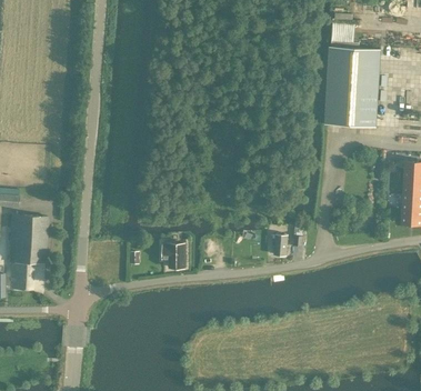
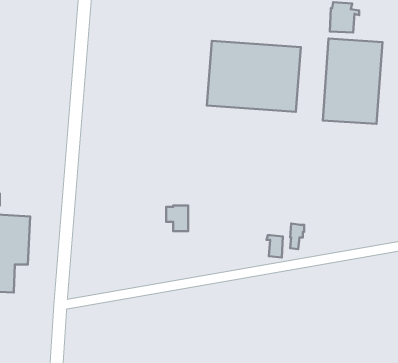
building: none -> [207,41,301,112]
building: [162,242,183,267] -> [166,206,188,231]

